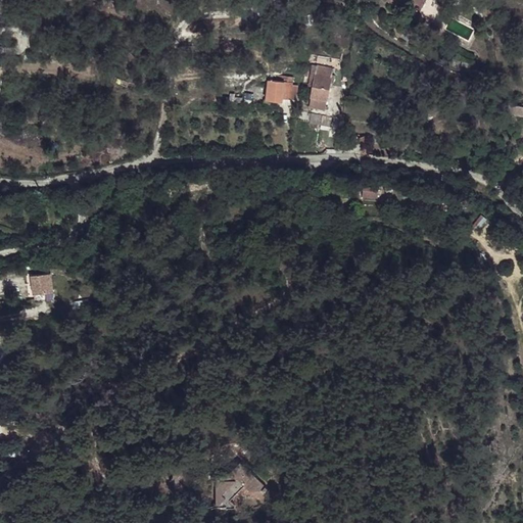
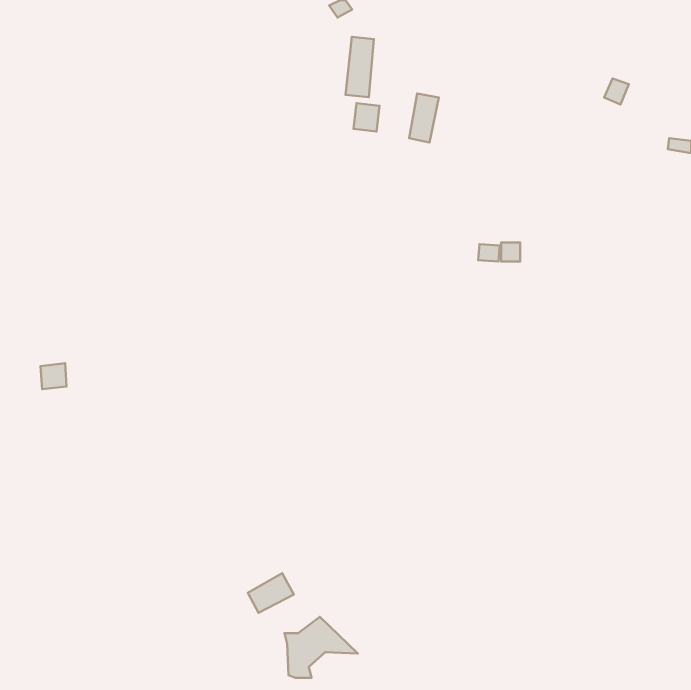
building: none -> [345,37,374,97]
building: none -> [248,573,294,613]

